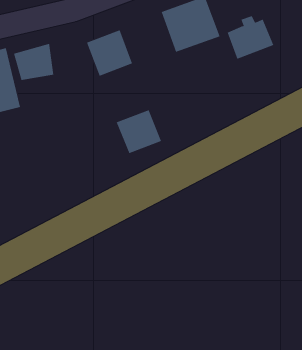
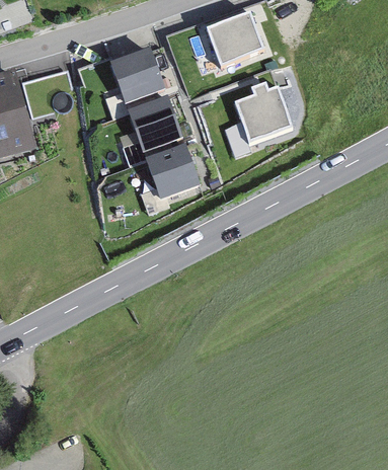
building: [227,15,274,60] -> [233,90,290,143]
building: none -> [126,96,180,150]

